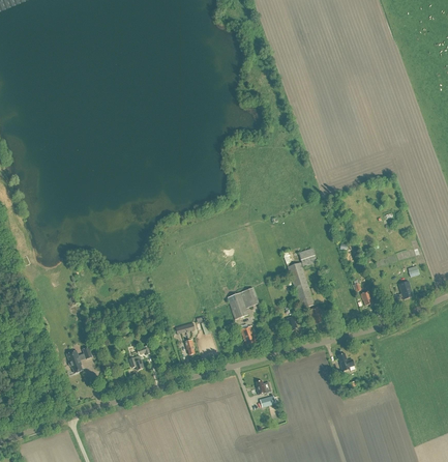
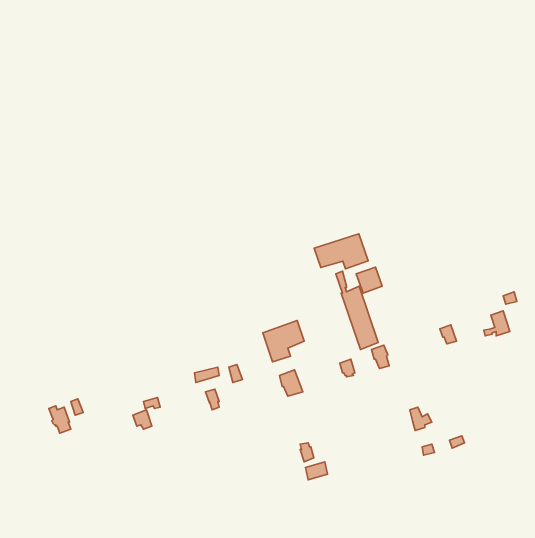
building: none -> [314,234,368,269]

